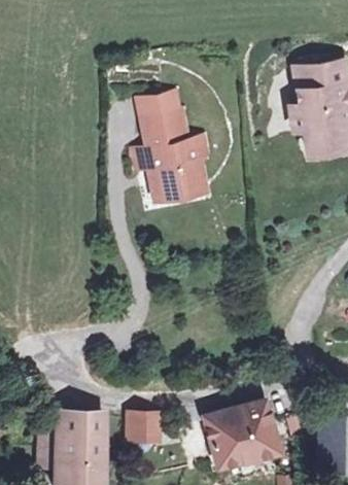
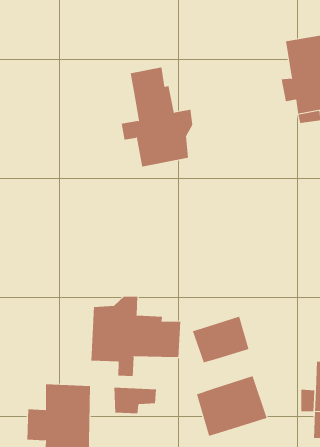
building: none -> [91,296,181,377]
building: none -> [192,316,249,363]

